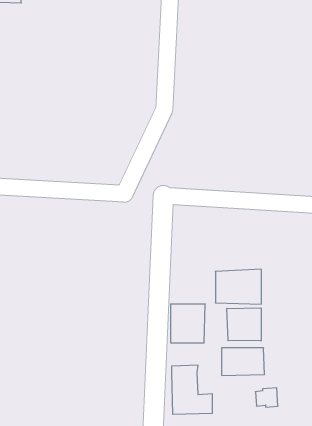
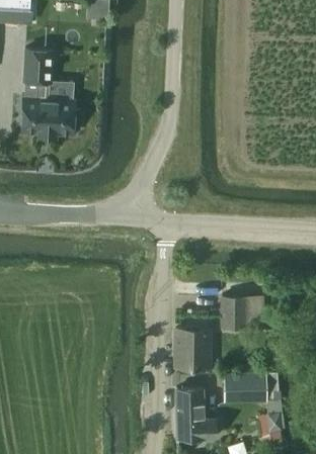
building: none -> [20,51,80,139]
building: [227,308,261,341] -> none

